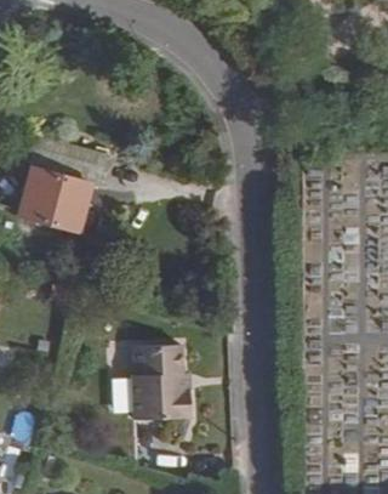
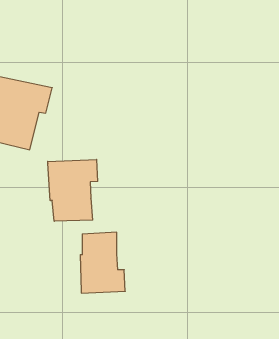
building: none -> [48,159,98,221]

